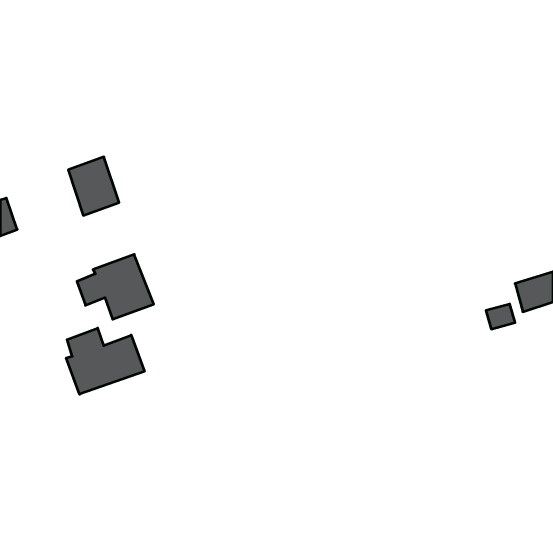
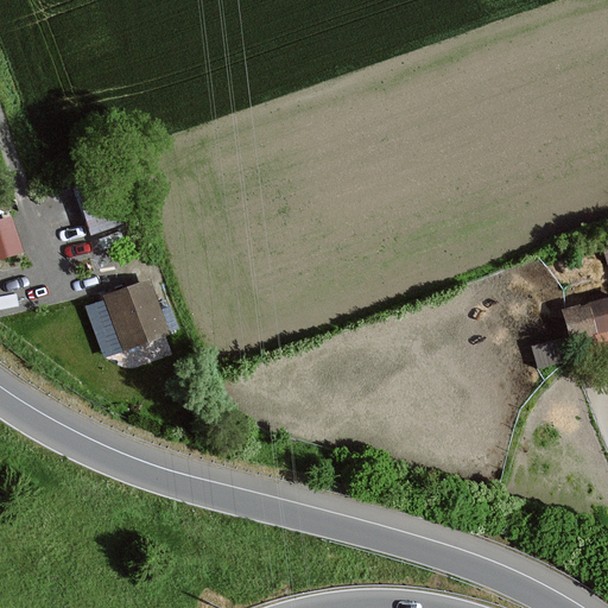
building: [66,328,144,394] -> none

